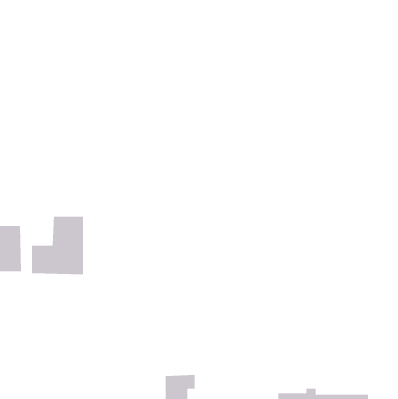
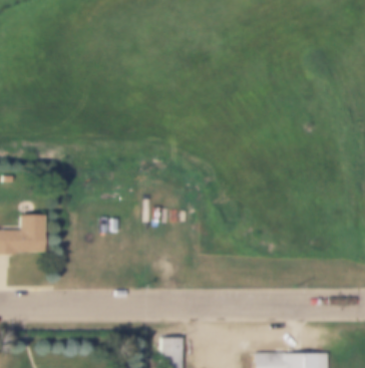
building: [32,216,83,275] -> none

